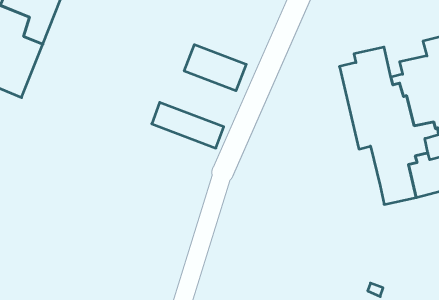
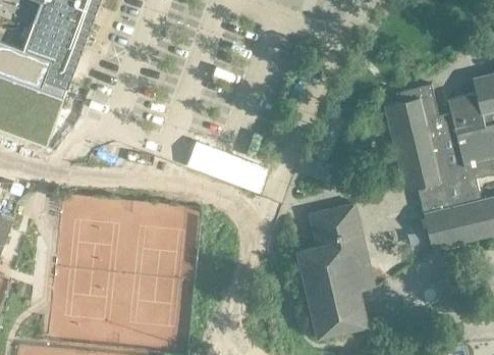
building: [184,45,246,91] -> none
building: none -> [295,205,373,338]

